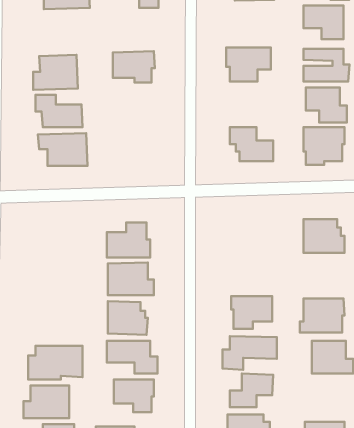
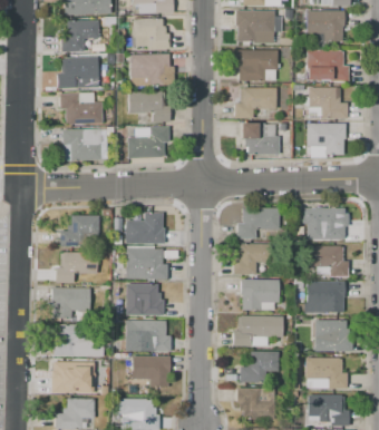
building: none -> [236,11,274,43]
building: none -> [132,18,169,50]
building: none -> [61,20,99,51]
building: none -> [235,88,276,118]
building: none -> [129,91,171,121]
building: none -> [128,127,169,158]
building: none -> [237,207,280,238]
building: none -> [60,215,99,247]
building: none -> [234,244,269,274]
building: none -> [308,246,349,276]
building: none -> [56,253,97,283]
building: none -> [52,287,90,317]
building: none -> [307,359,348,389]

